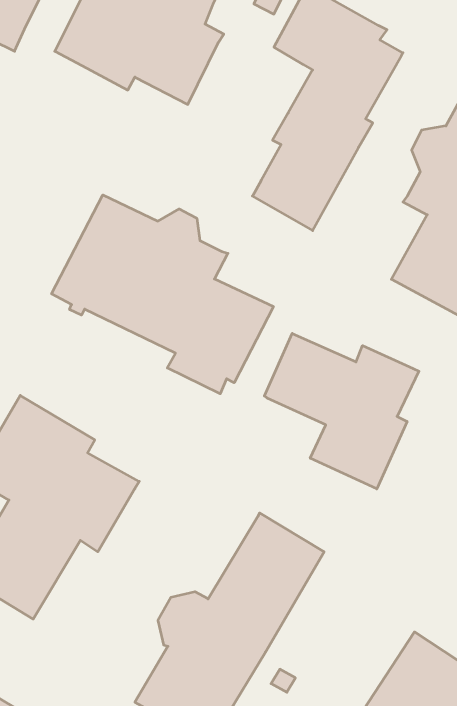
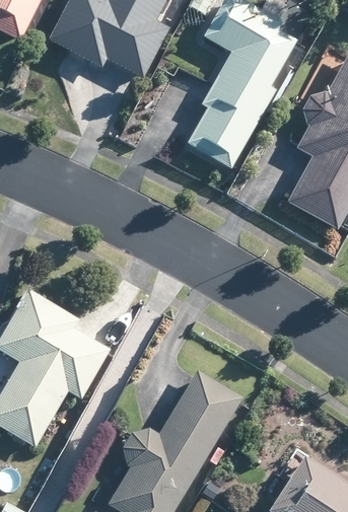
building: [52,195,273,394] -> none
building: [264,333,419,489] -> none

